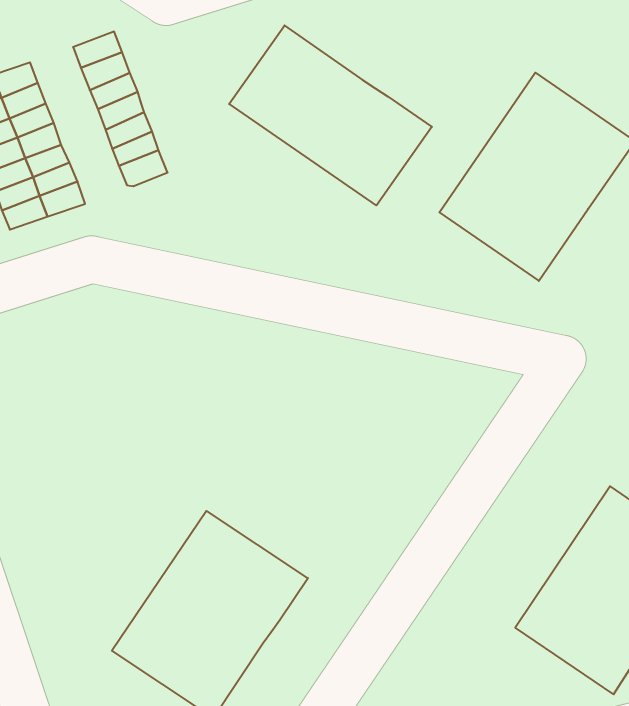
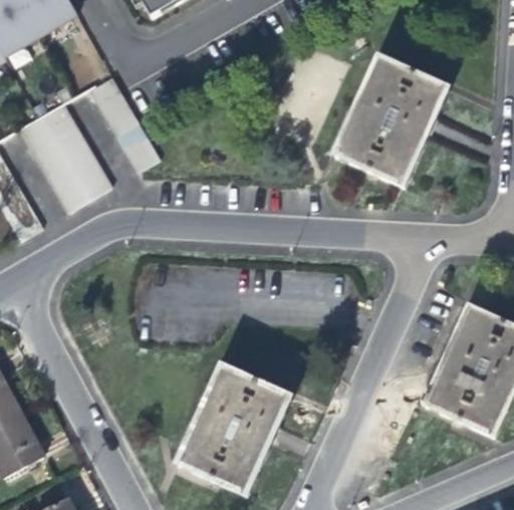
building: [229,25,432,205] -> none

